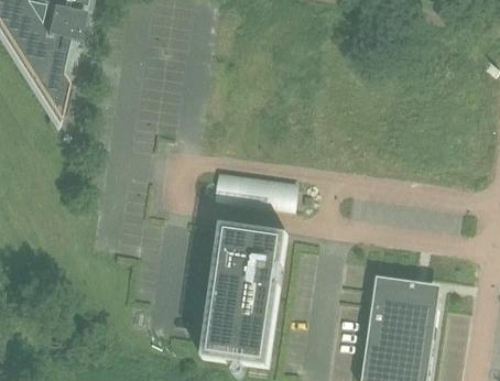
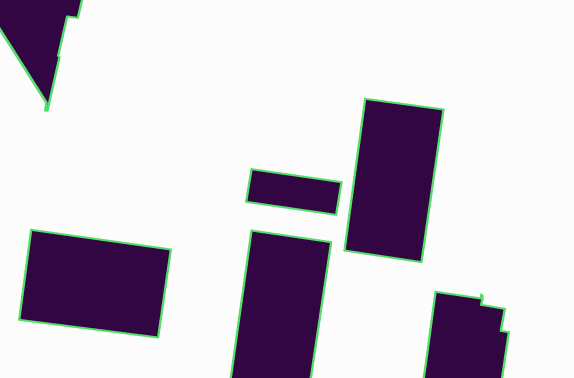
building: none -> [345,99,444,262]
building: none -> [19,230,171,338]

